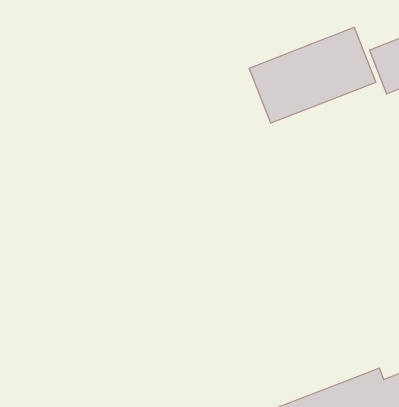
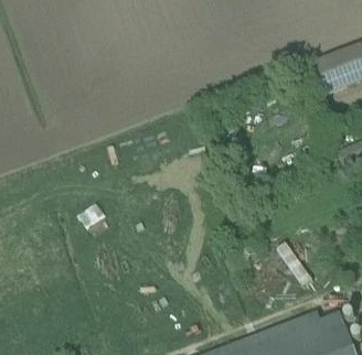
building: [249,27,376,123] -> none

